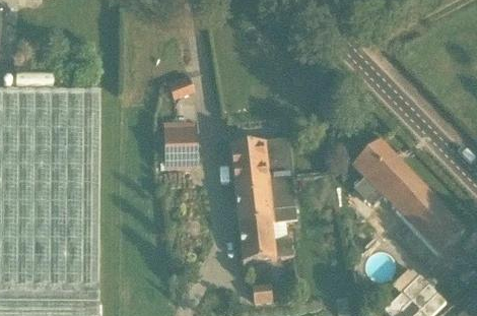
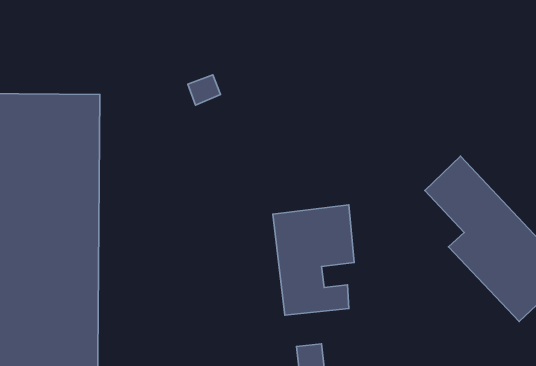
building: [164,125,195,167] -> none
building: [229,137,292,181] -> none

